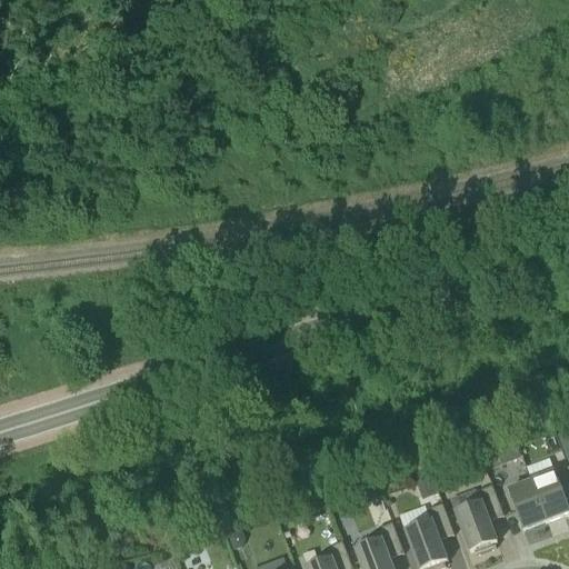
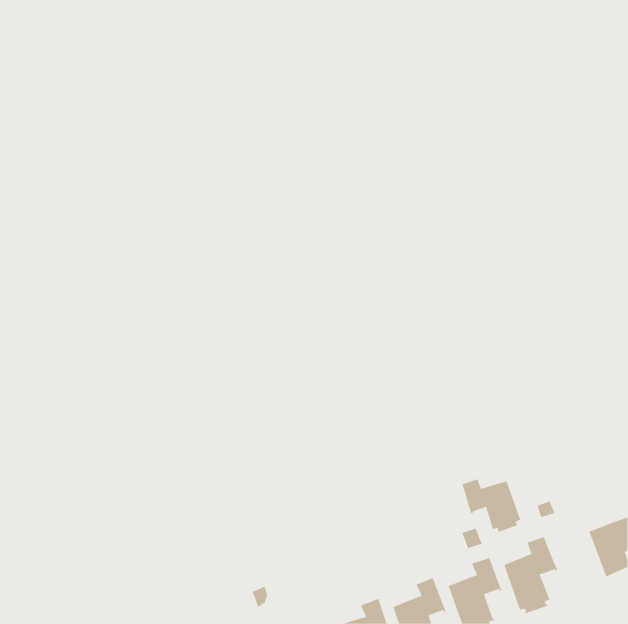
building: none -> [462,479,521,533]
building: [506,479,546,529] -> none

